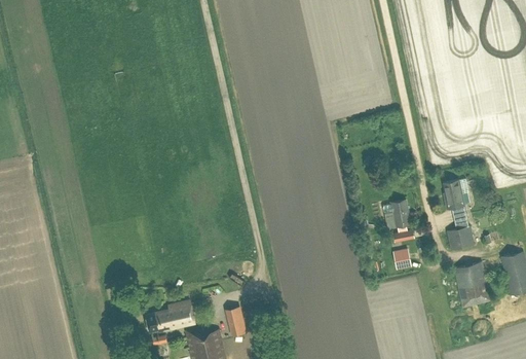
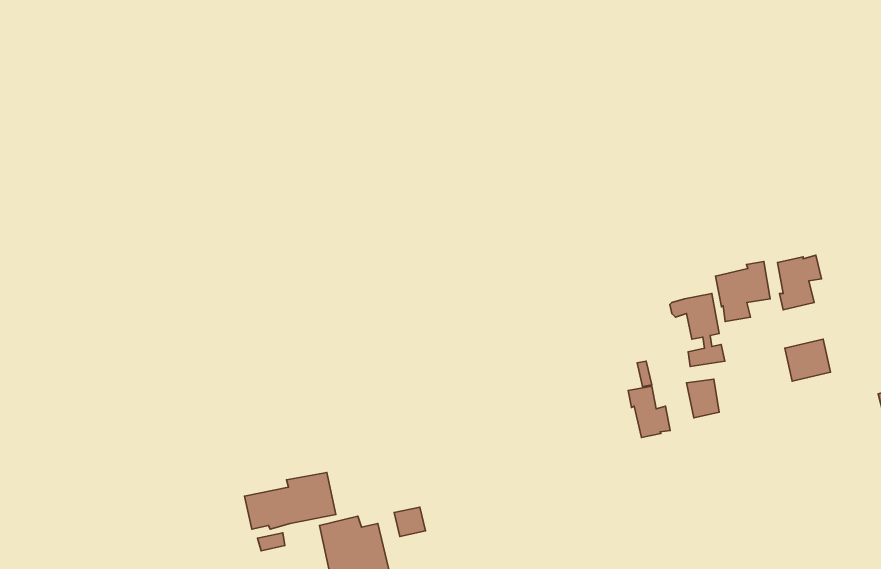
building: none -> [716,261,770,322]
building: none -> [628,386,670,438]
building: [454,261,491,307] -> none

